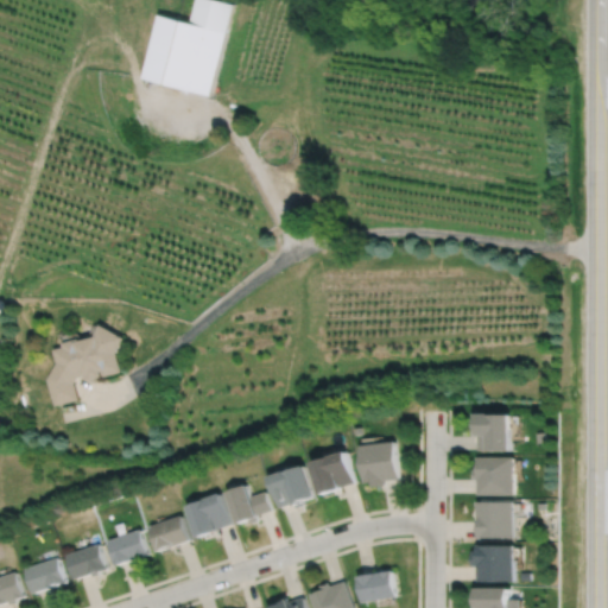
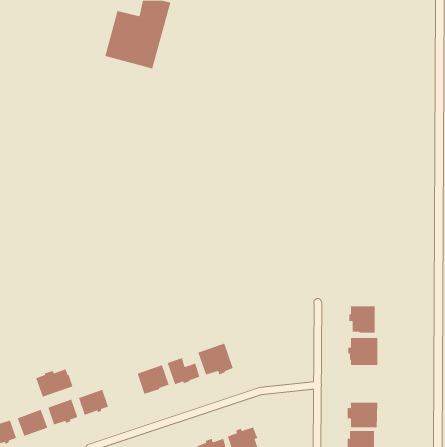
building: [45,325,122,407] -> none
building: [356,443,397,488] -> none
building: [310,454,353,498] -> none
building: none -> [36,369,73,398]
building: [474,502,512,540] -> none
building: [146,513,189,550] -> none
building: [354,568,393,601] -> none

